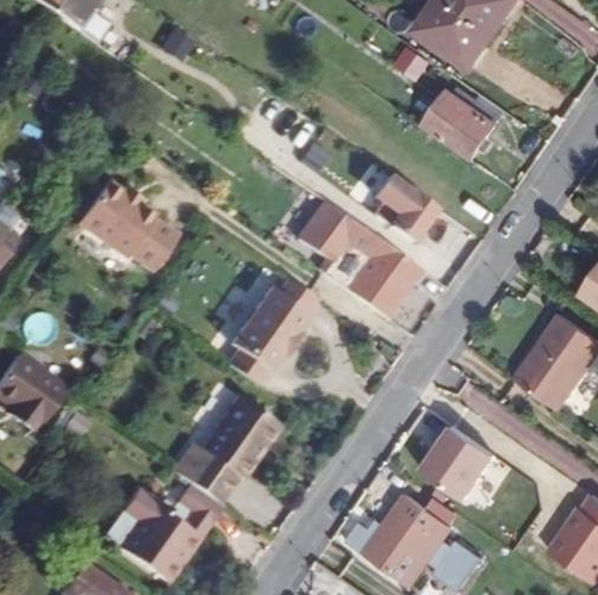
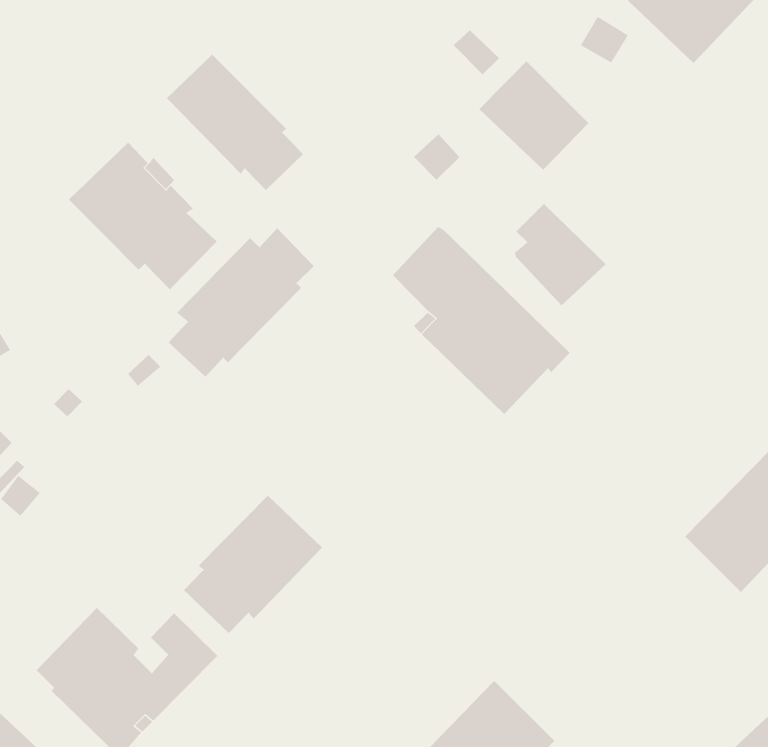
building: [422,88,496,159] -> [479,61,589,170]
building: none -> [166,54,304,191]
building: [228,277,316,383] -> [168,227,314,378]
building: [421,422,497,497] -> none

